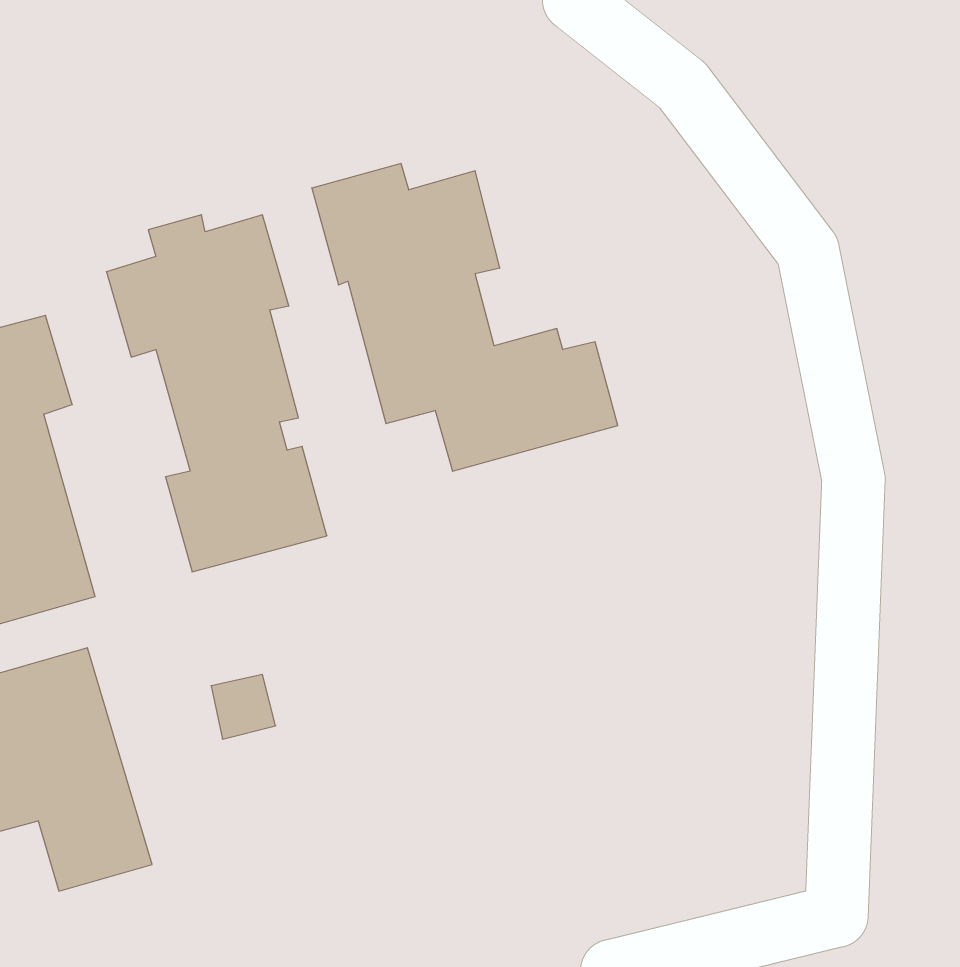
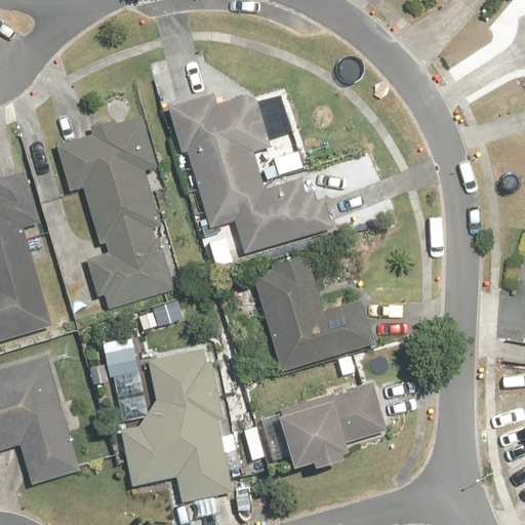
building: none -> [252,256,375,370]
building: none -> [121,345,236,503]
building: none -> [281,382,383,463]

